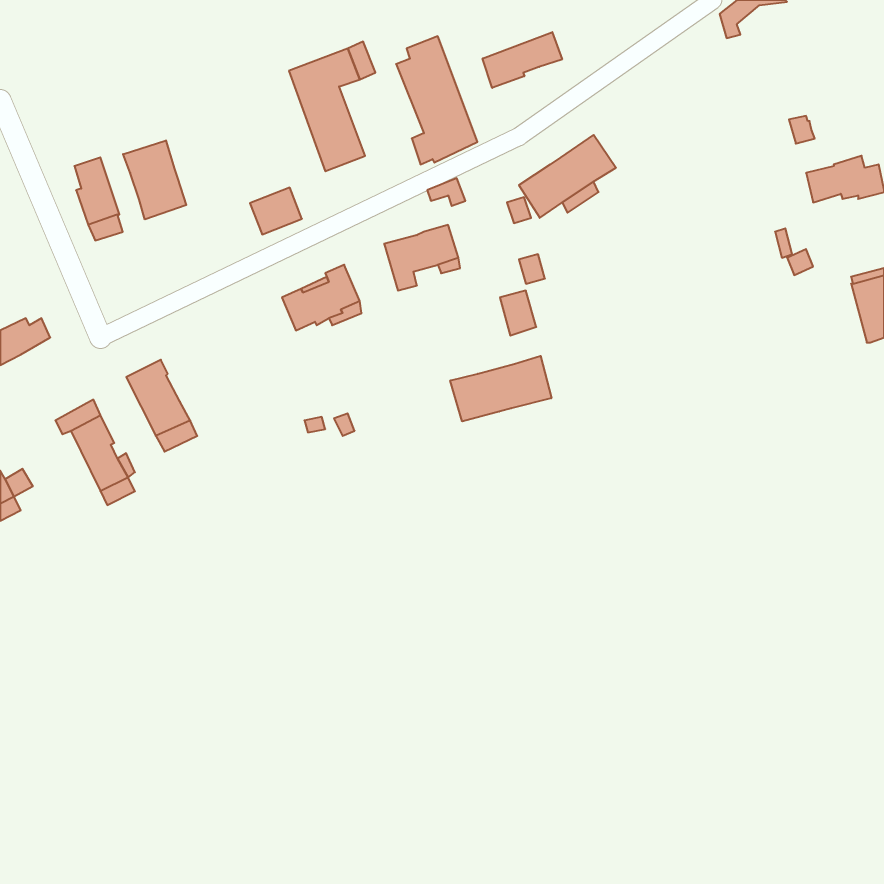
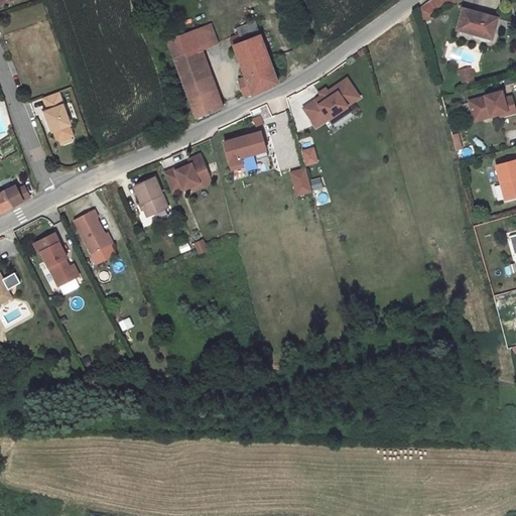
building: none -> [458,8,498,38]
building: [483,32,562,88] -> none
building: [123,140,186,219] -> none
building: [250,188,302,234] -> [189,91,220,118]
building: none -> [134,177,168,217]
building: [450,356,551,421] -> none

